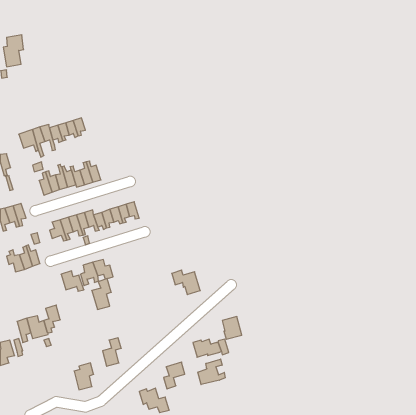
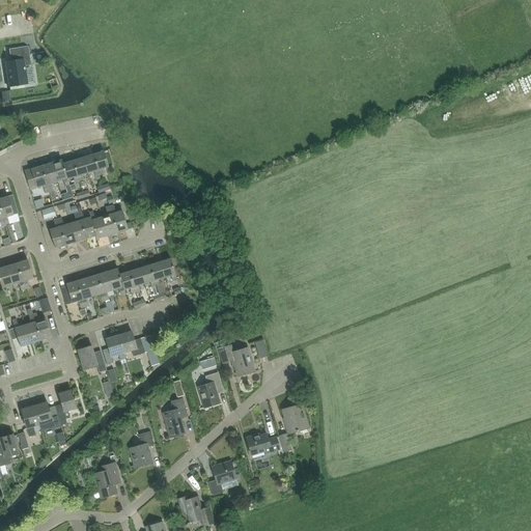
building: [92,278,111,309] -> [163,397,188,437]
building: none -> [198,371,222,407]
building: [198,359,225,385] -> none

